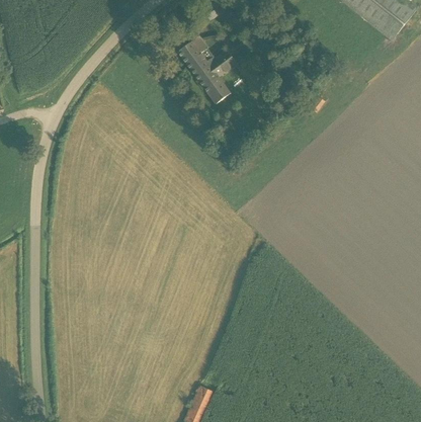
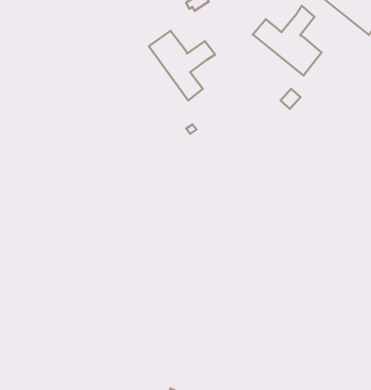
building: none -> [253,6,322,75]

